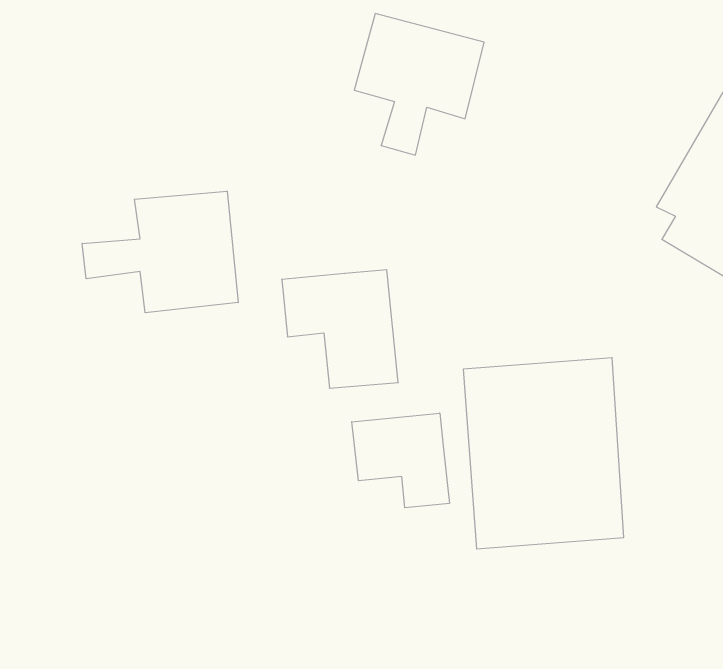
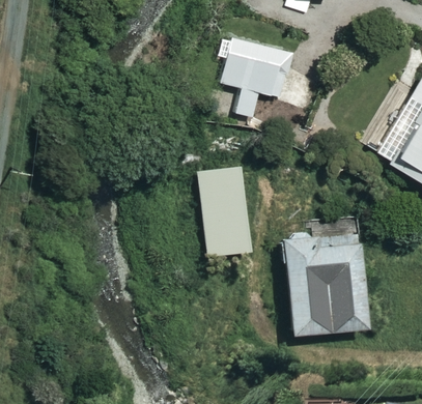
building: [82,191,238,313] -> none
building: [352,413,449,508] -> none

